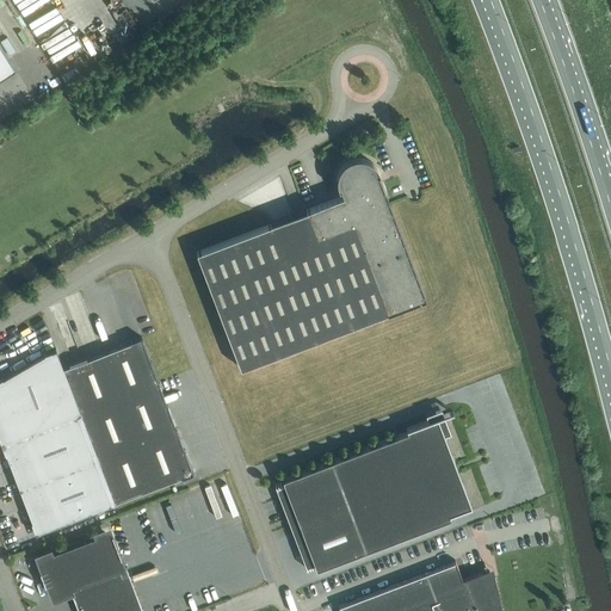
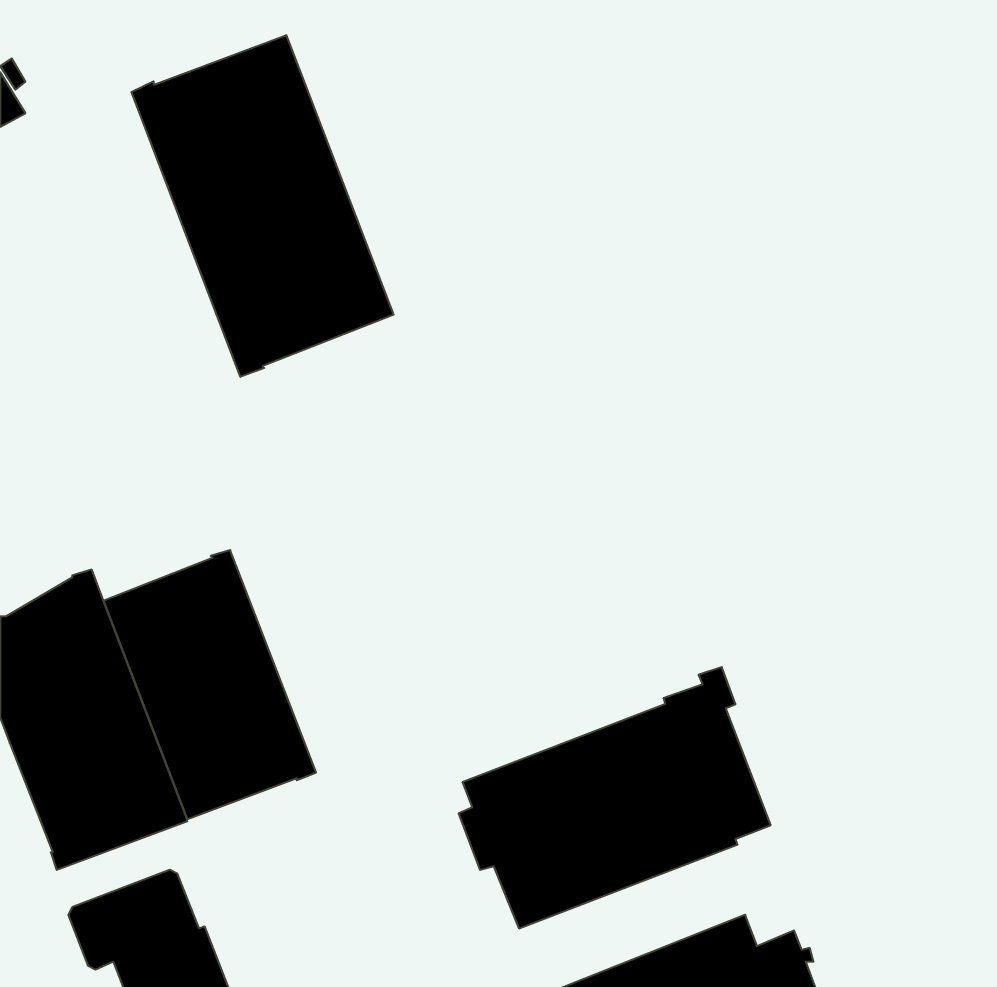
building: none -> [131,35,394,377]
building: [197,166,425,374] -> none

